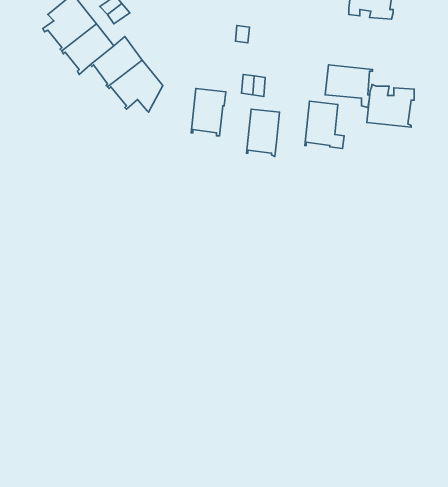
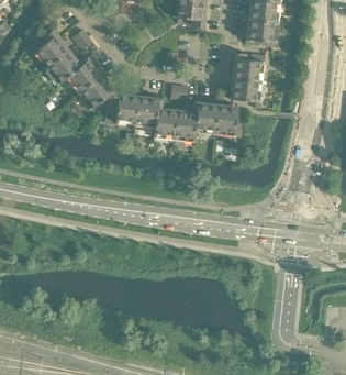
building: [367,85,414,127] -> [231,52,264,81]
building: none -> [105,92,138,125]
building: none -> [194,101,217,134]
building: none -> [153,107,177,140]

